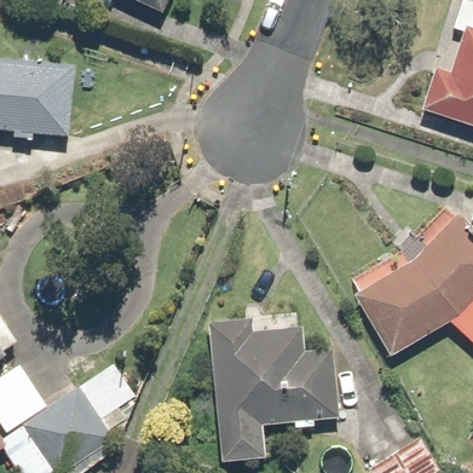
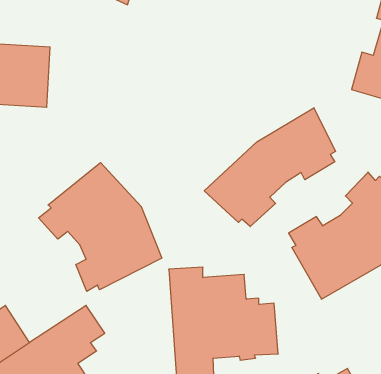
building: none -> [204,108,335,227]
building: none -> [39,163,162,291]

